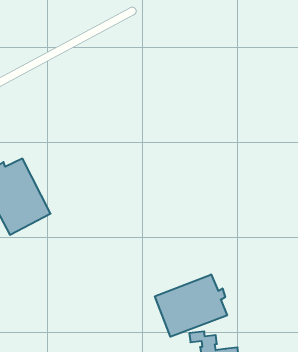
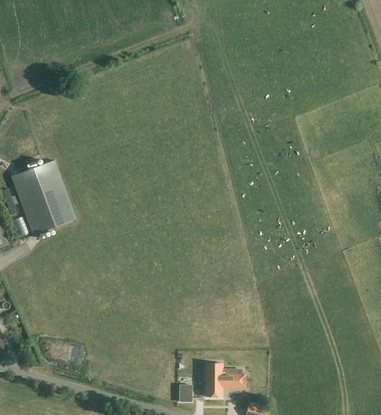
building: [155,274,227,337] -> none

